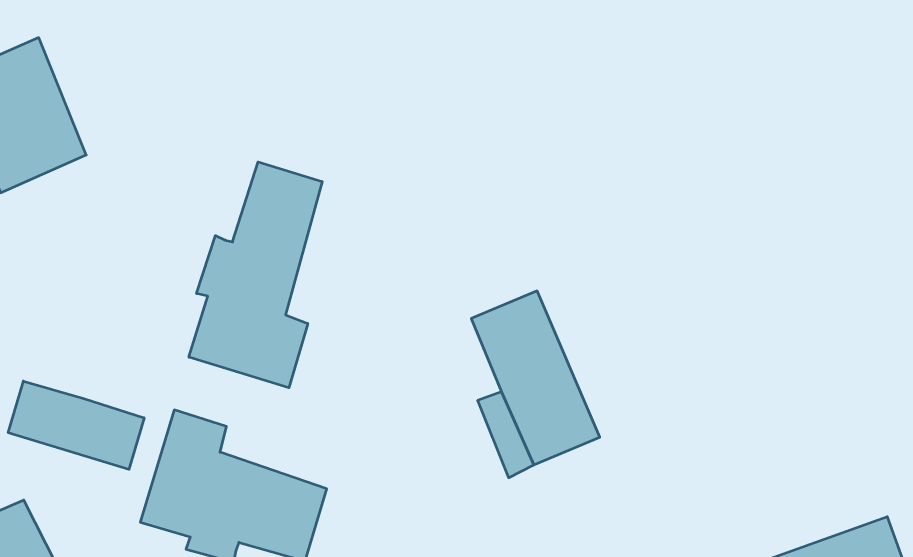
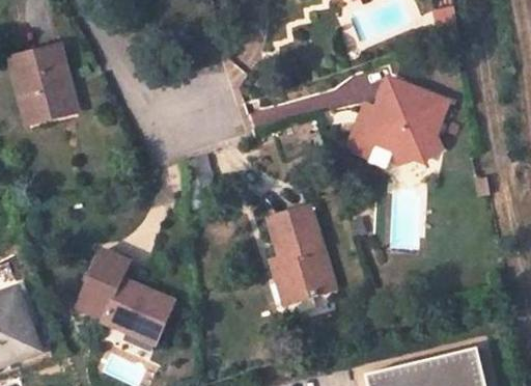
building: none -> [343,80,444,162]
building: [189,162,322,388] -> none
building: [8,381,144,469] -> none

